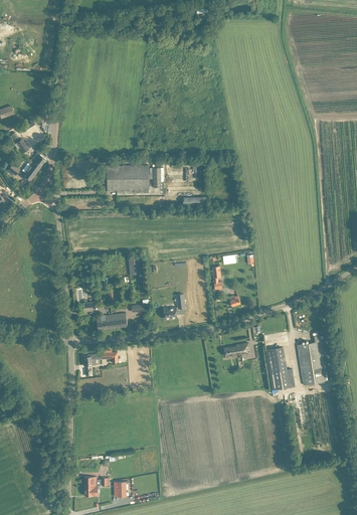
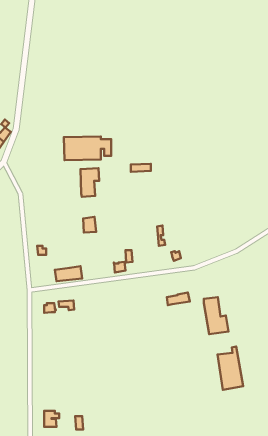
building: none -> [81,168,99,197]
building: [297,335,326,384] -> [218,346,243,390]

